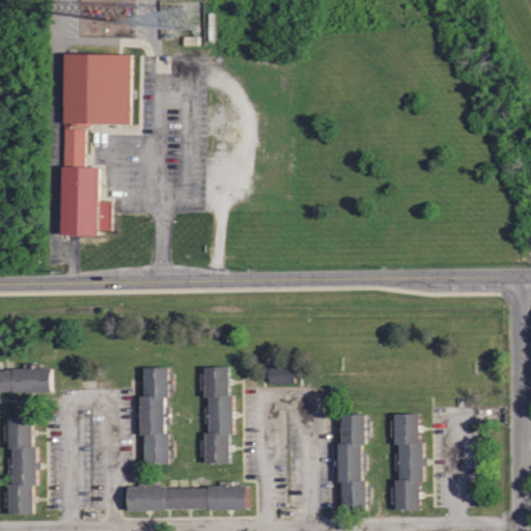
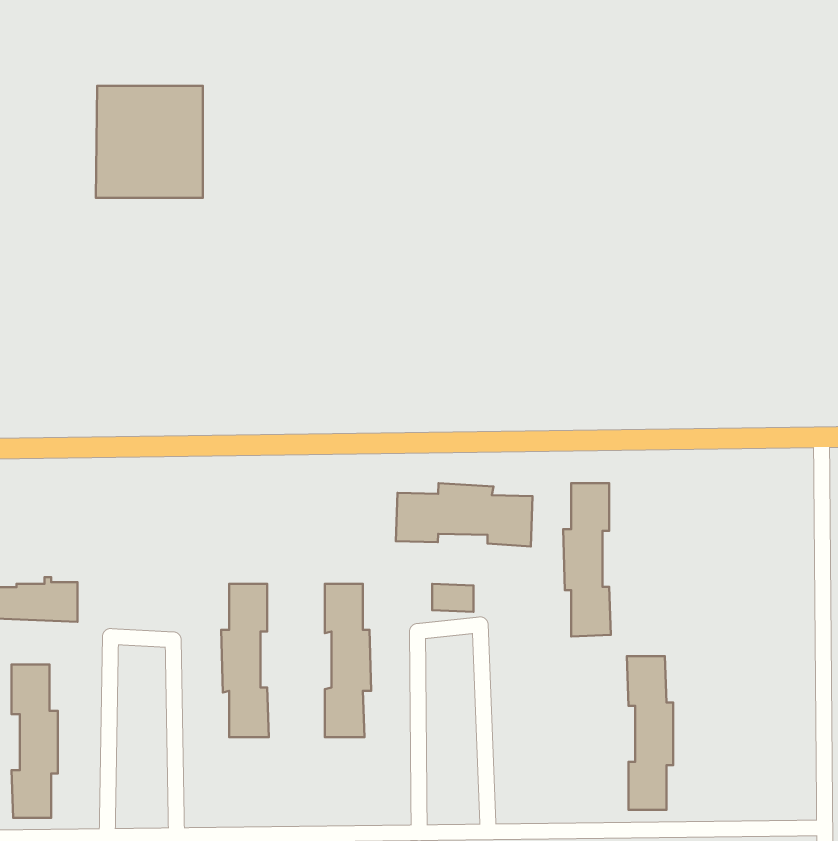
building: [59,129,110,234] -> none
building: none -> [396,483,533,547]
building: [336,416,366,512] -> [563,483,611,636]
building: [125,480,245,511] -> none

